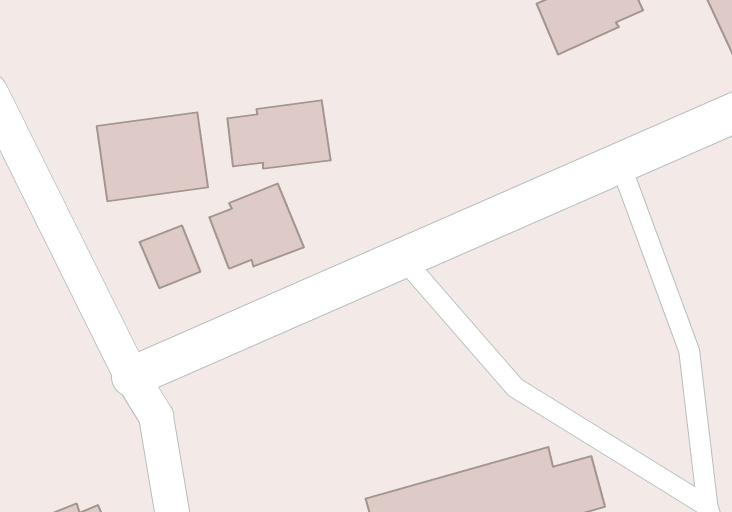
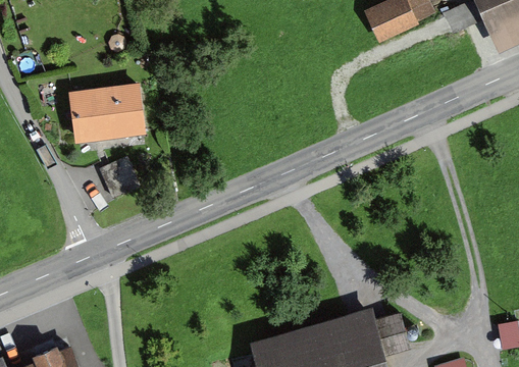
building: [228,100,330,169] -> none
building: [209,184,304,269] -> none

